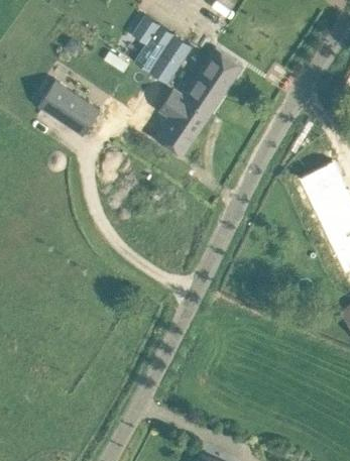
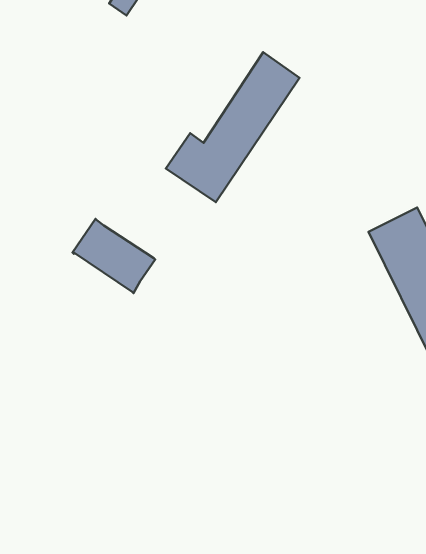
building: [132,16,191,84] -> none
building: [37,81,99,136] -> [73,219,155,293]

